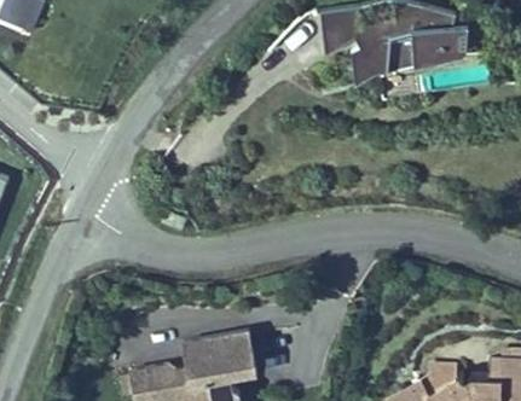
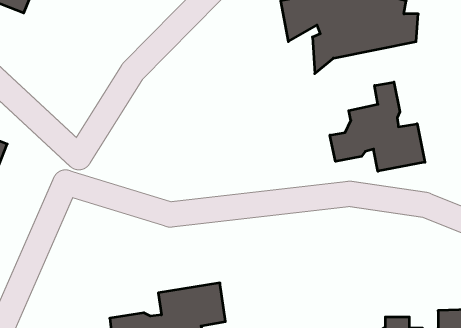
building: none -> [330,82,425,171]

